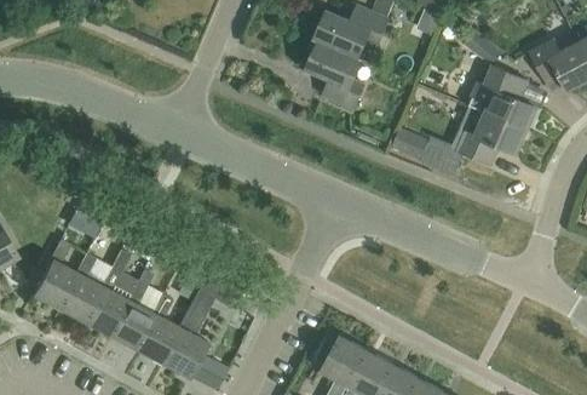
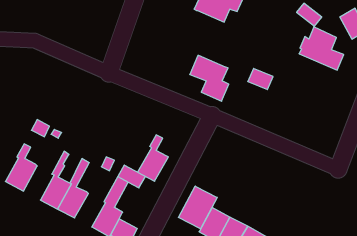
building: [303,42,361,110] -> [190,56,229,101]
building: [453,107,524,166] -> none
building: [57,256,103,325] -> none
building: [133,296,179,365] -> [138,135,168,181]
building: none -> [178,186,217,229]

